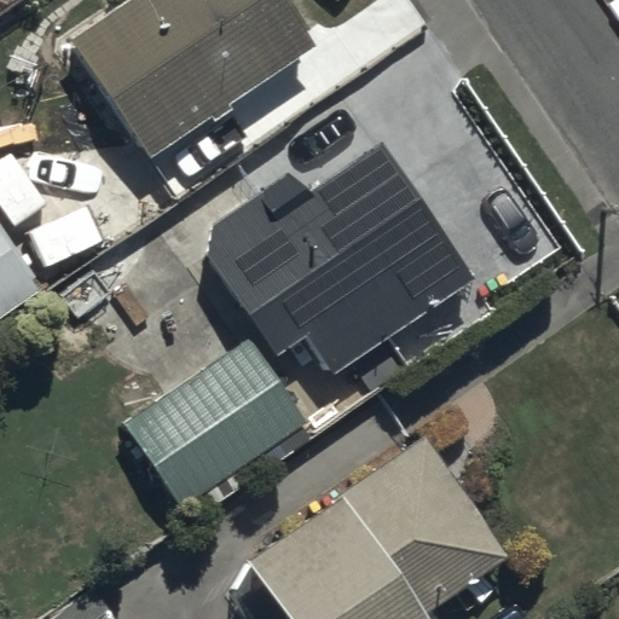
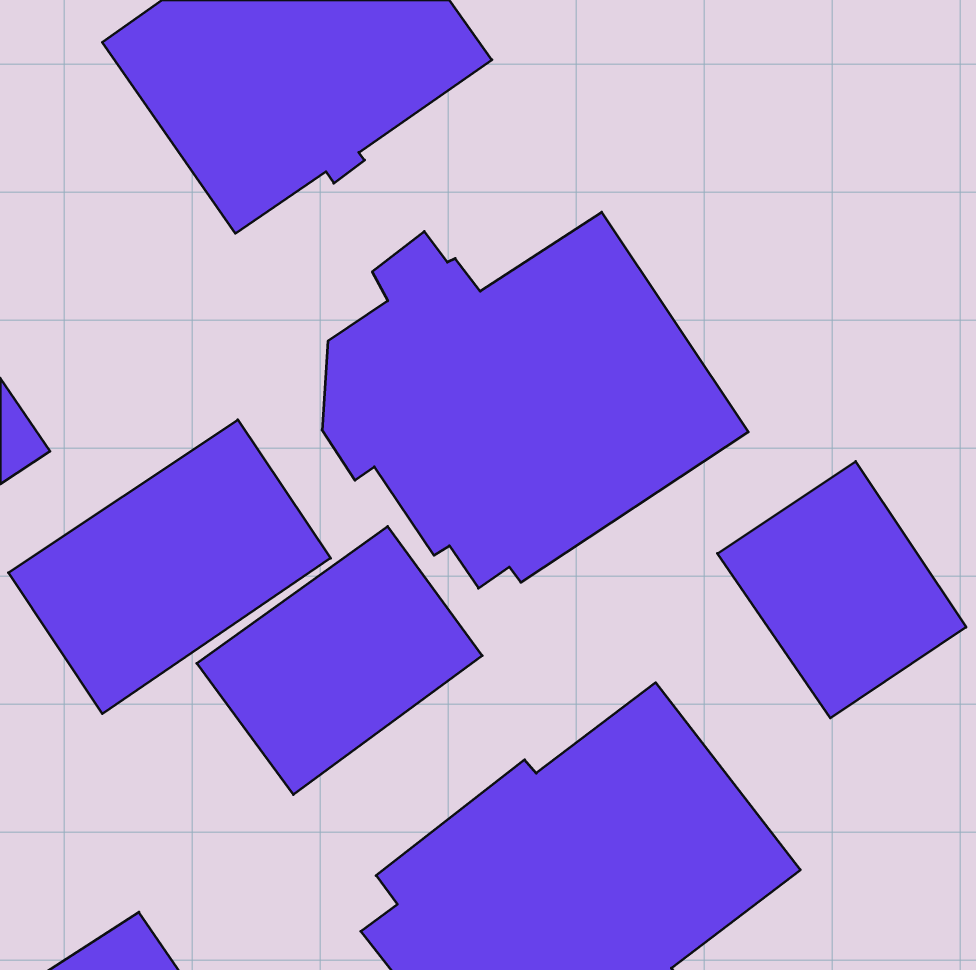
building: none -> [8,420,331,714]
building: none -> [717,461,966,718]

